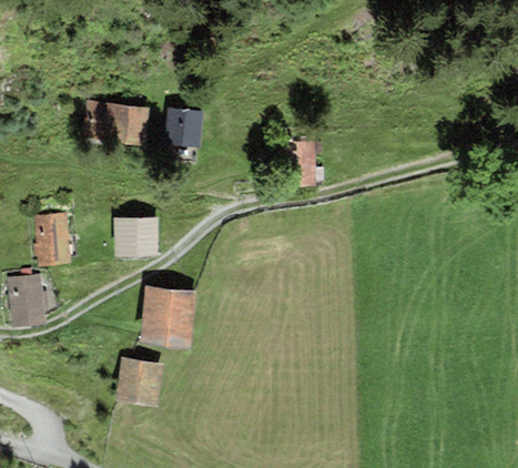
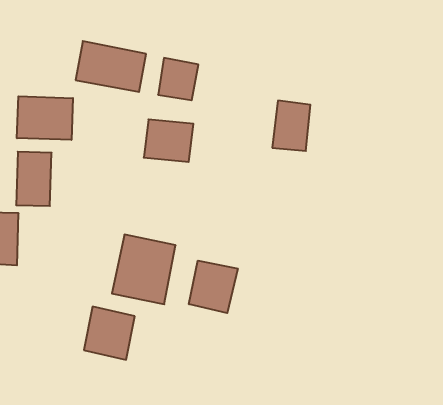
building: none -> [17,96,73,140]
building: [113,217,159,255] -> [144,119,193,162]
building: none -> [189,261,238,313]

